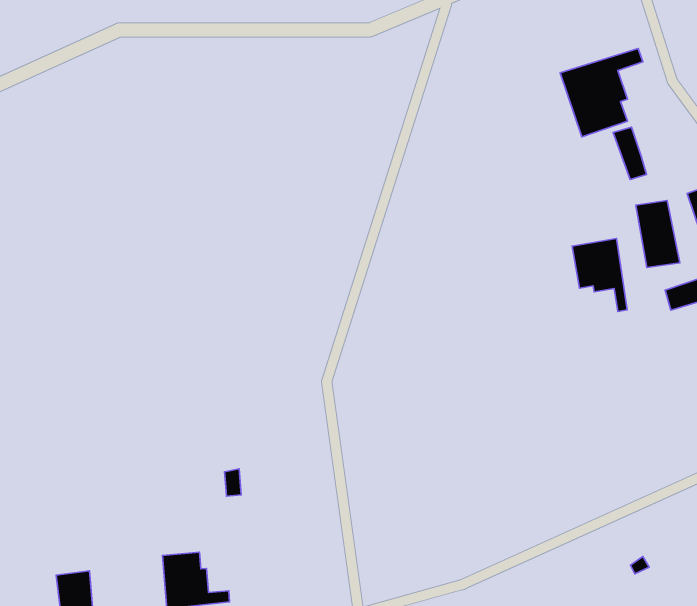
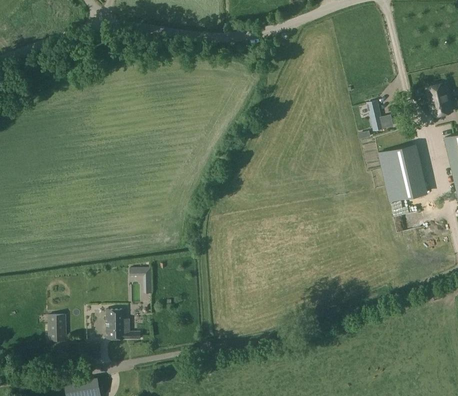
building: [560,49,643,137] -> none
building: [572,239,627,312] -> none

